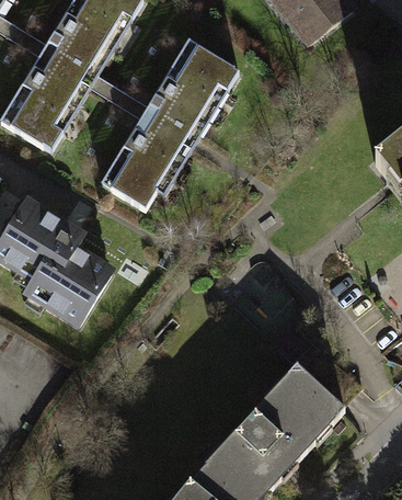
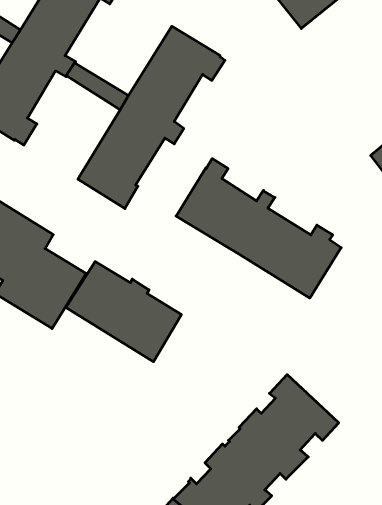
building: none -> [176,159,341,298]
building: none -> [66,262,181,362]

